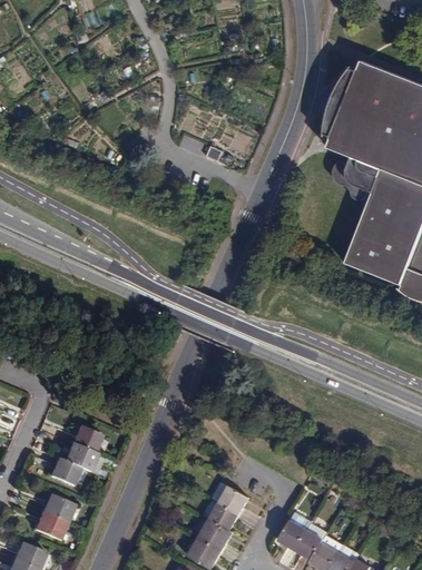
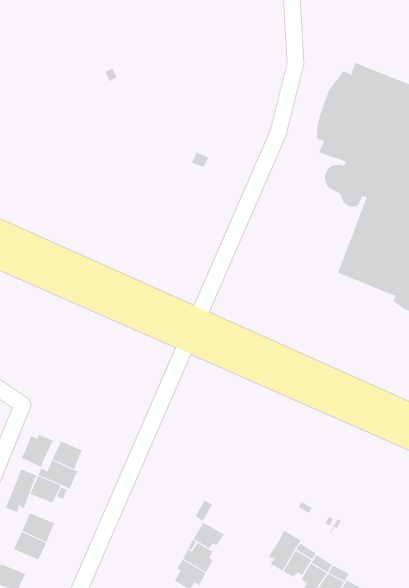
building: none -> [21,434,53,467]
building: none -> [5,469,37,512]
building: [216,487,243,515] -> none

